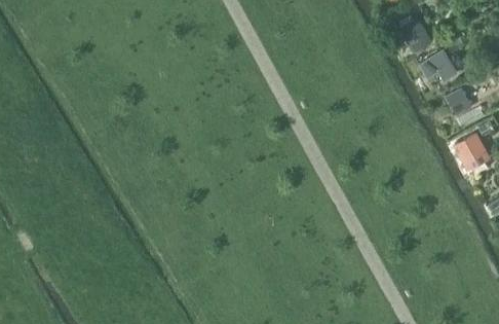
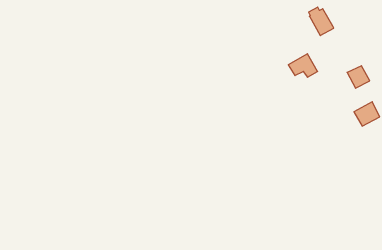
building: [421,51,457,80] -> [288,54,318,77]

